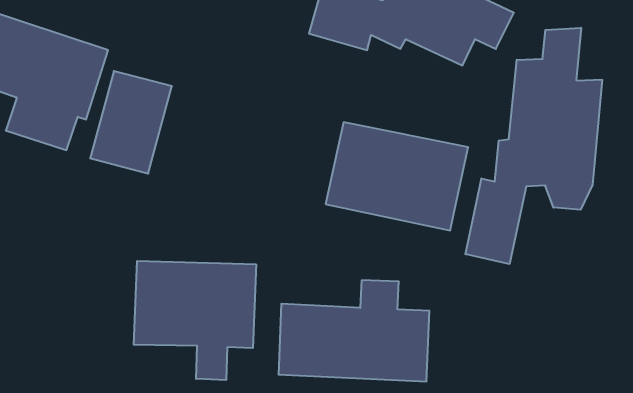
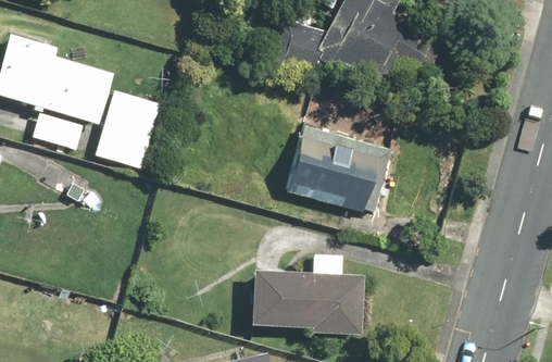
building: [465,28,602,264] -> none
building: [134,261,256,380] -> none

